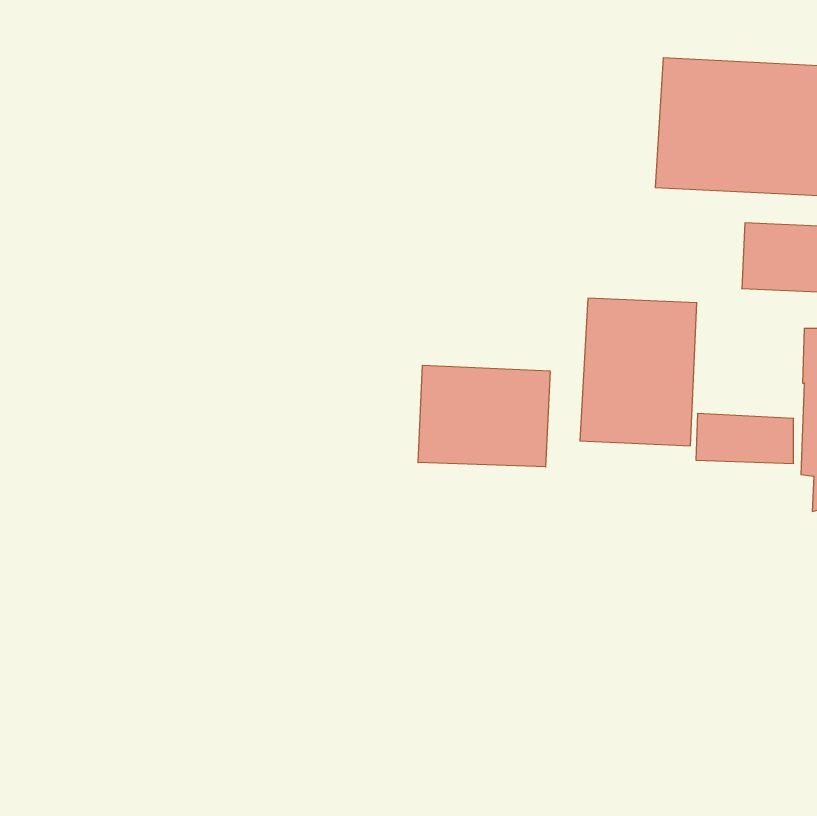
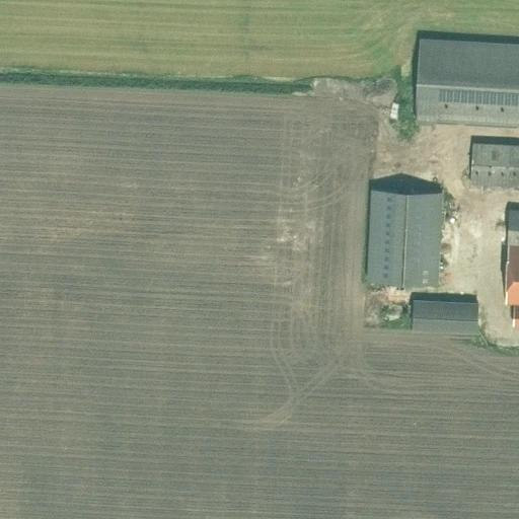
building: [418,365,550,467] -> none
building: [696,414,794,463] -> [415,301,476,332]

